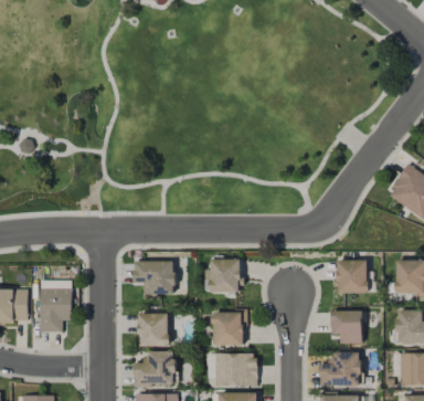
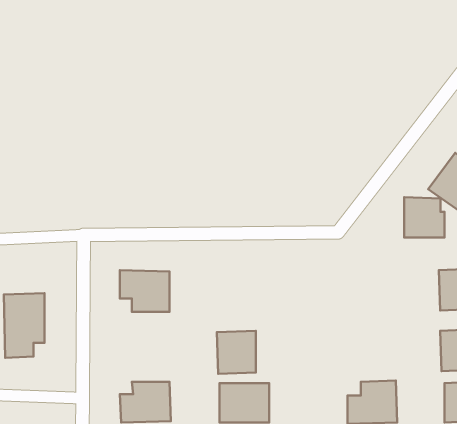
building: [208,258,242,292] -> none
building: [337,260,370,293] -> [404,197,445,238]
building: [330,310,362,344] -> none
building: [138,313,169,347] -> none

